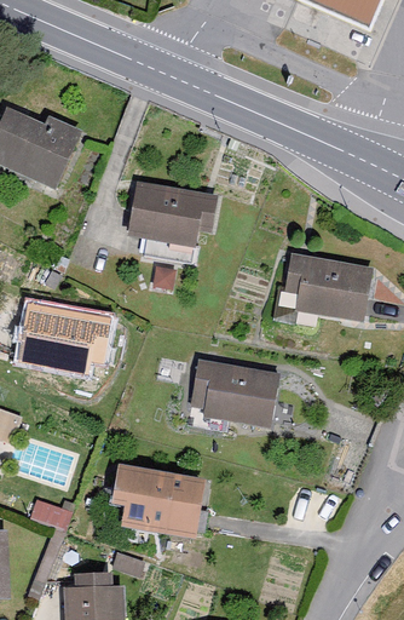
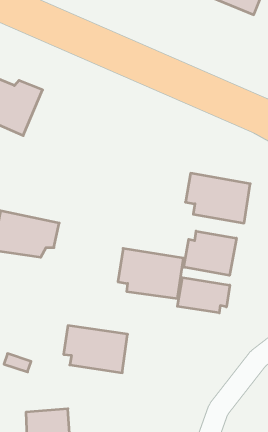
building: [123,179,215,245] -> none
building: none -> [184,231,236,275]
building: none -> [177,278,230,313]

